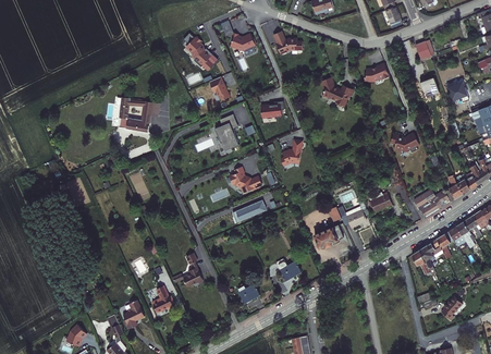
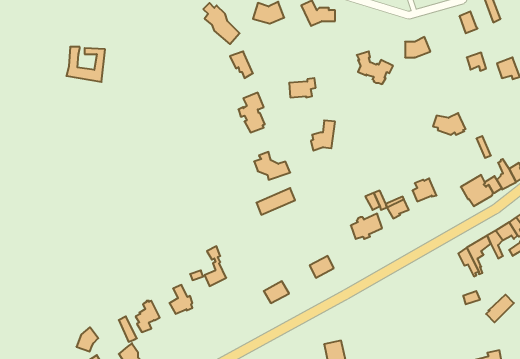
building: [119,99,154,131] -> [66,47,105,82]

